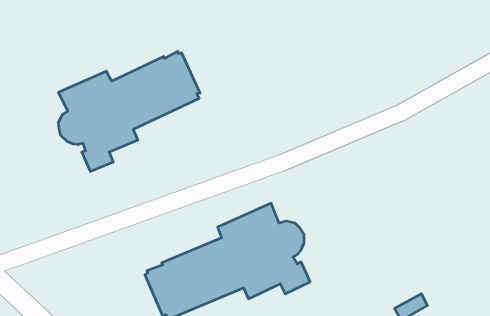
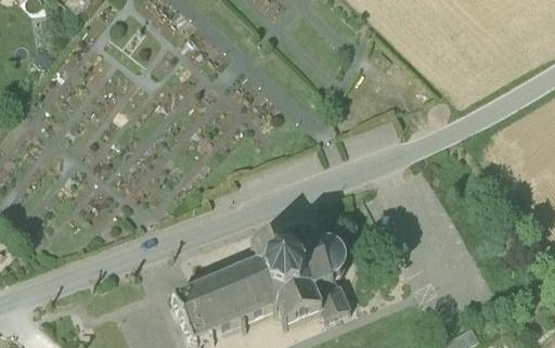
building: [59,51,200,171] -> none

